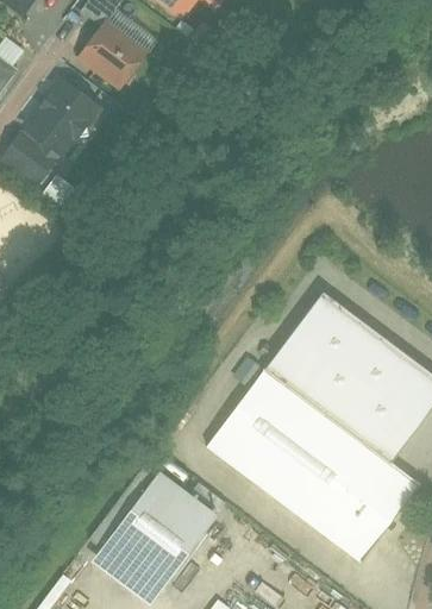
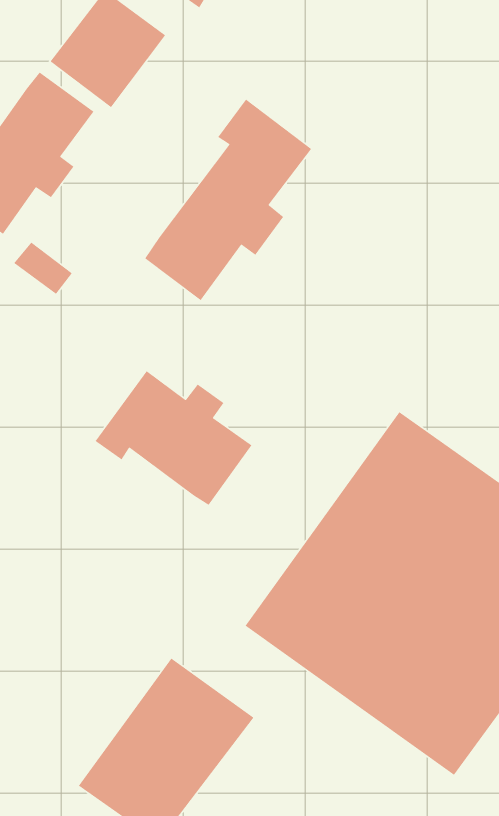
building: none -> [144,98,312,301]
building: none -> [95,370,253,506]

